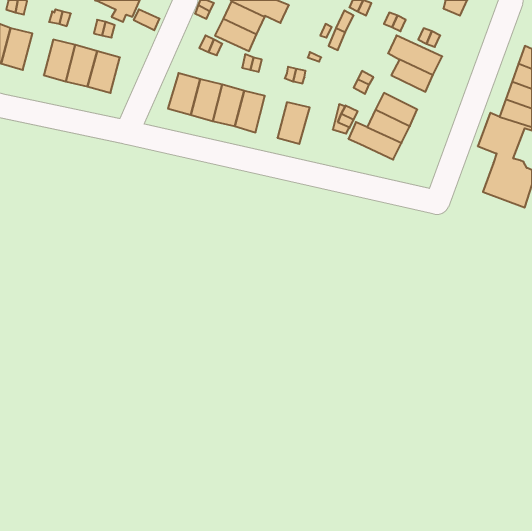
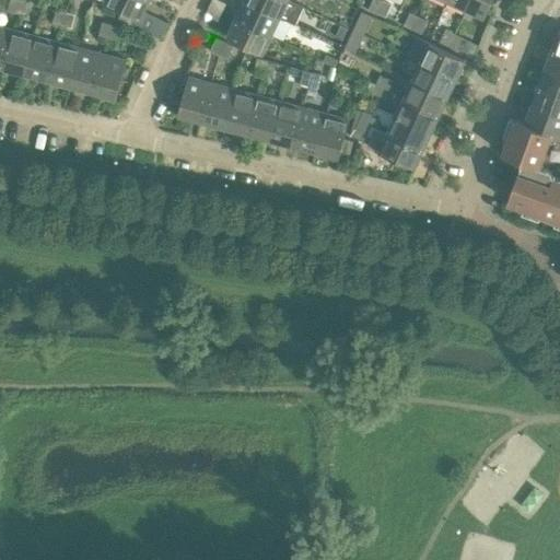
building: none -> [24,37,56,81]
building: none -> [402,81,446,117]
building: none -> [268,103,301,147]
building: none -> [314,115,352,160]

